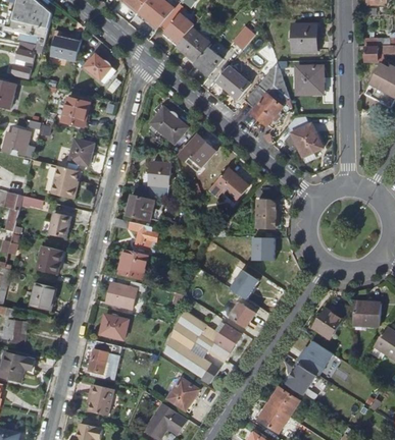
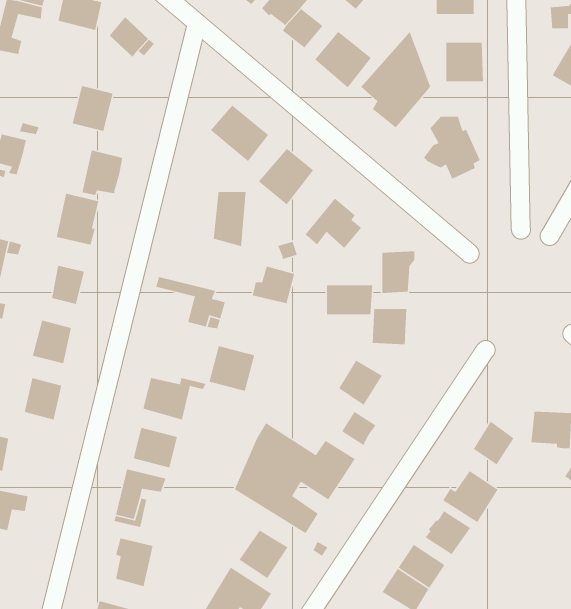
building: [128,197,155,221] -> [252,266,295,304]
building: none -> [326,285,373,315]
building: [119,250,149,279] -> [209,345,255,392]

